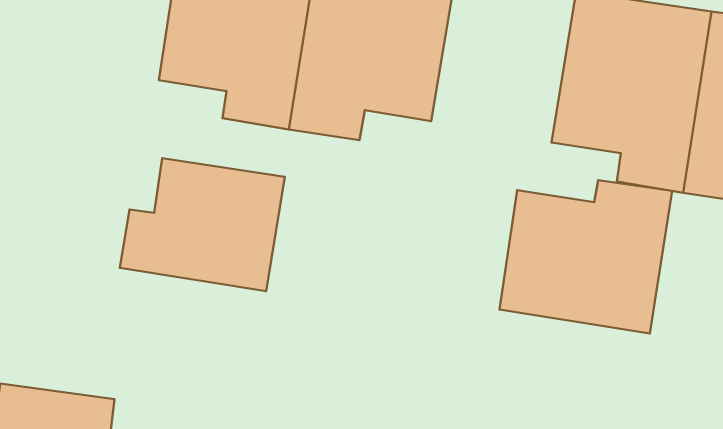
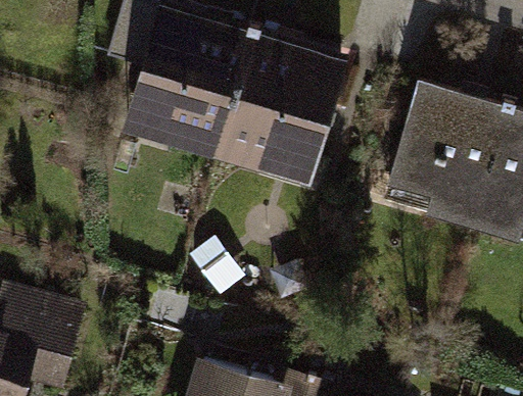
building: [120,158,285,291] -> none
building: [499,180,672,334] -> none

